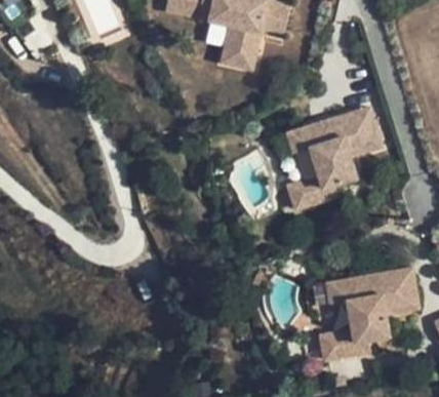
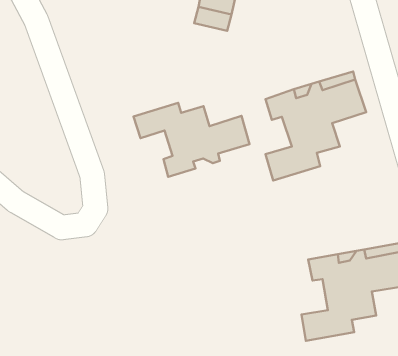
building: none -> [133,103,250,177]

